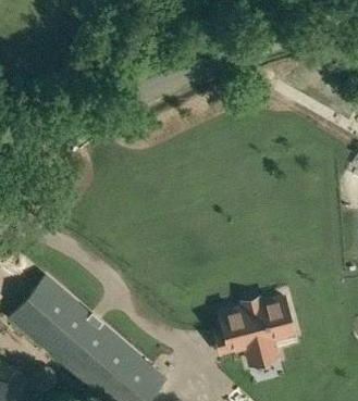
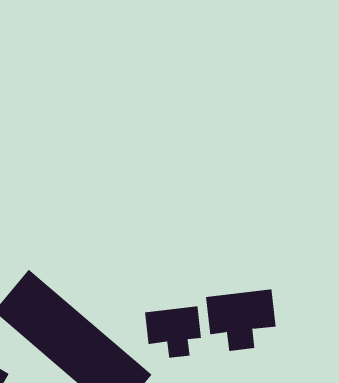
building: none -> [144,306,202,358]

